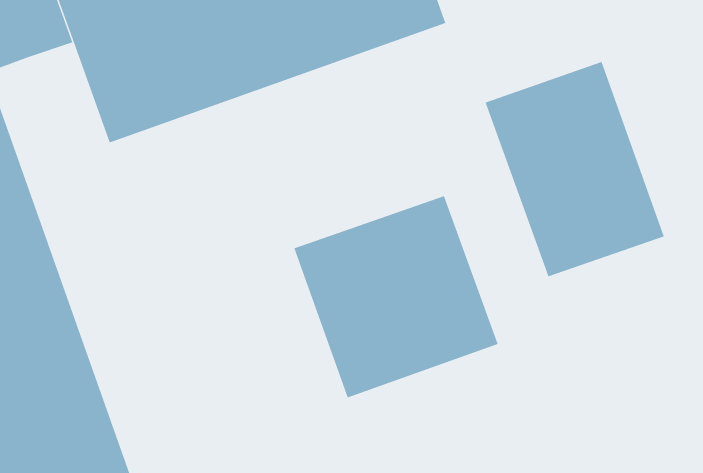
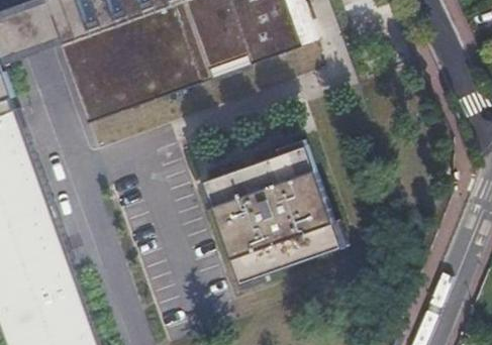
building: [485,61,665,277] -> none

